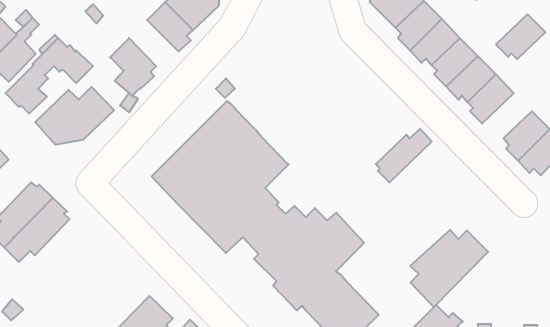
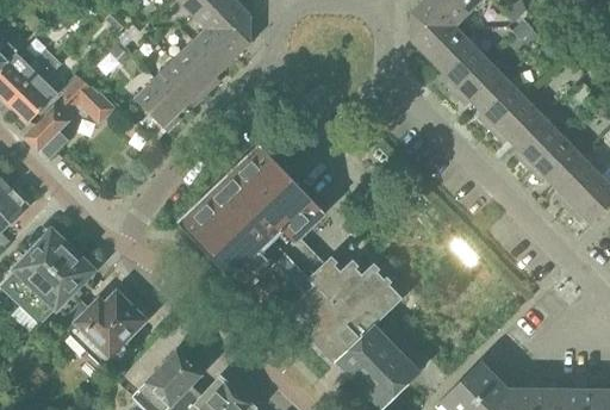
building: [496,14,545,59] -> [529,136,581,184]
building: none -> [155,58,207,107]
building: [35,87,114,145] -> none
building: [376,129,432,183] -> none
building: [410,230,488,307] -> none
building: none -> [67,293,143,368]

